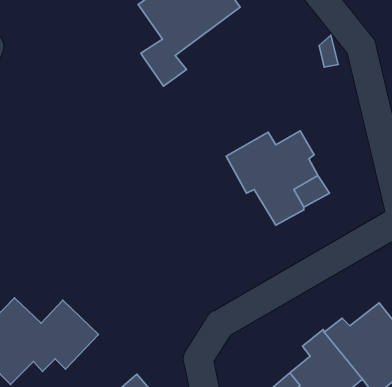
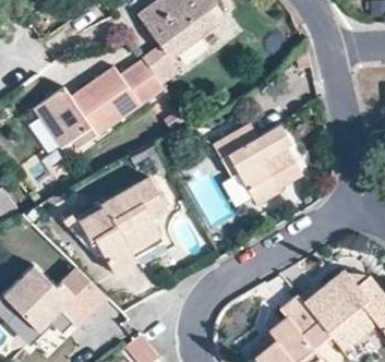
building: none -> [34,60,164,147]
building: none -> [79,176,167,270]

